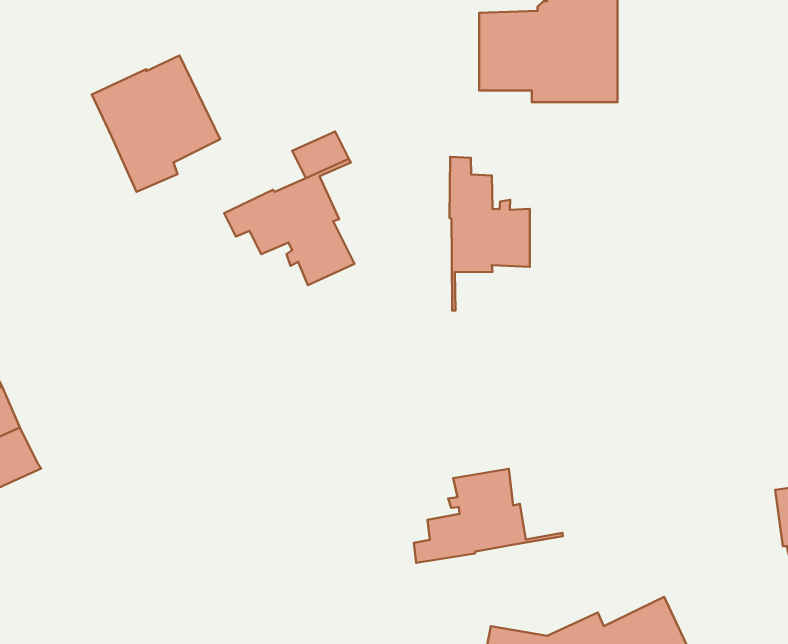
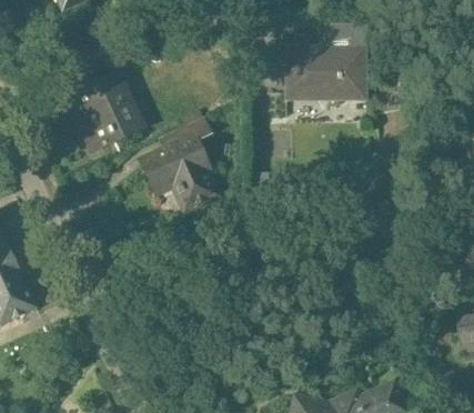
building: [449,157,530,311] -> none
building: [414,469,563,563] -> none

